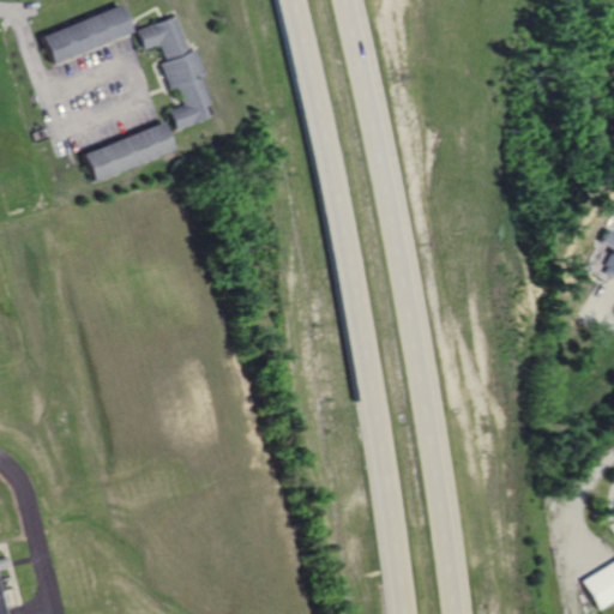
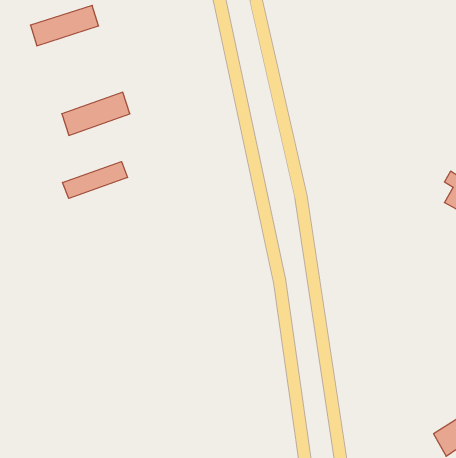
building: [139,16,217,130] -> none
building: none -> [63,162,128,198]

